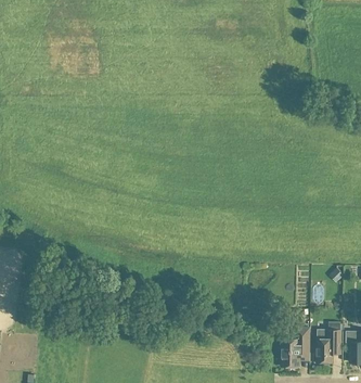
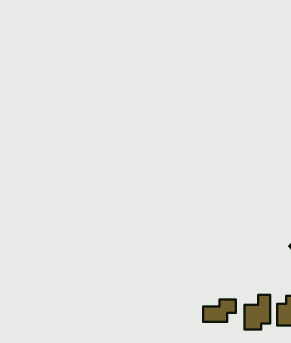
building: none -> [203,299,236,322]

